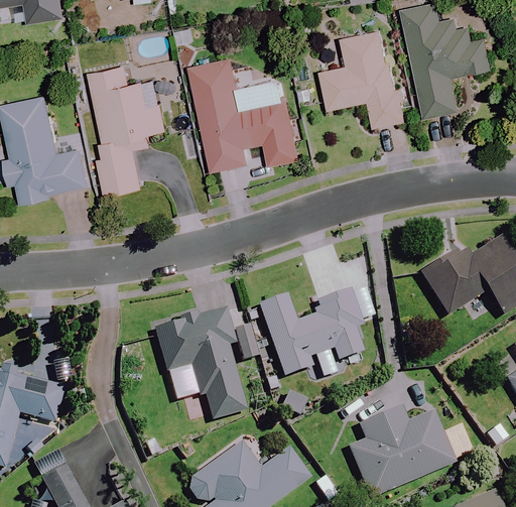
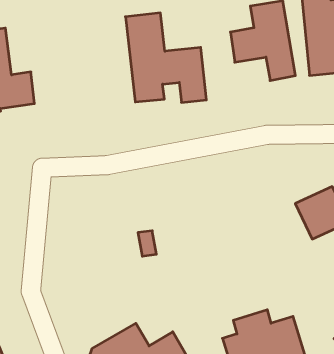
building: [89,64,164,195] -> none
building: [256,288,360,375] -> none
building: [152,307,243,417] -> none

